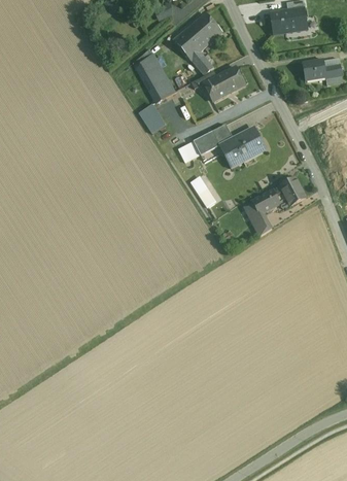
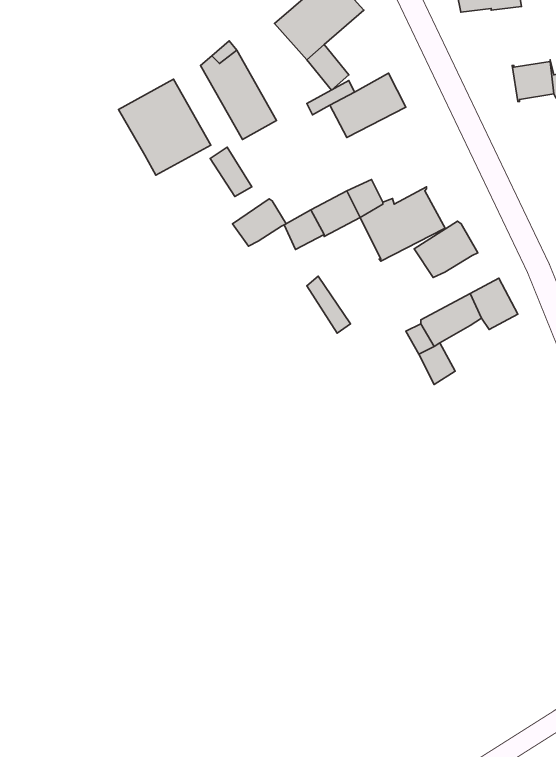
building: none -> [119,79,211,175]
building: none -> [232,199,286,246]
building: none -> [414,221,478,277]

